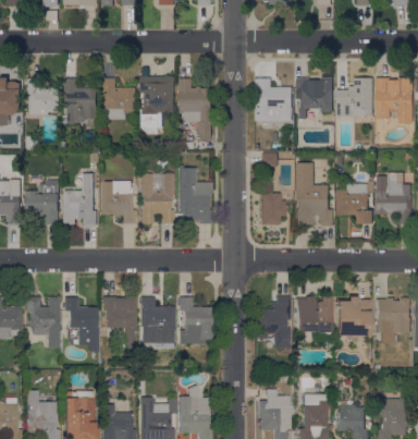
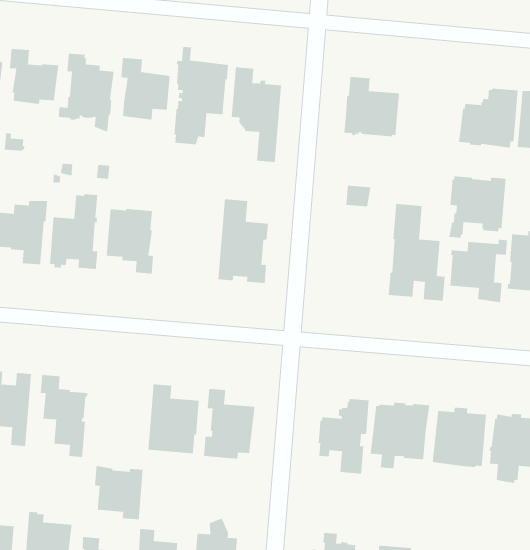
building: [295,76,332,120] -> [449,175,506,239]
building: [139,172,173,223] -> none
building: [260,193,284,223] -> none
building: [102,296,135,331] -> [94,465,144,520]

